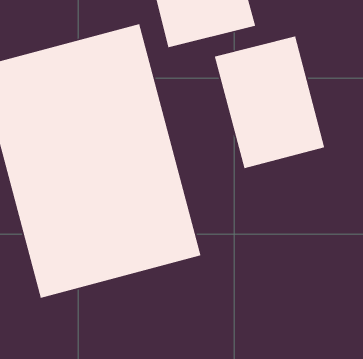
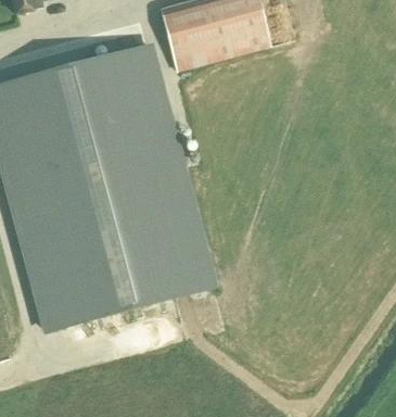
building: [214,36,325,169] -> none

